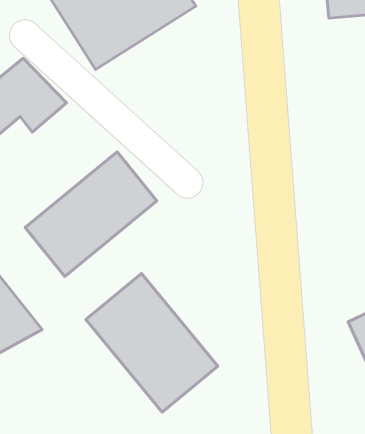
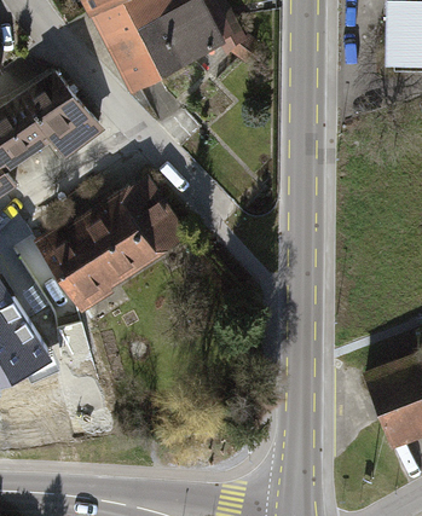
building: [86,274,218,412] -> none

